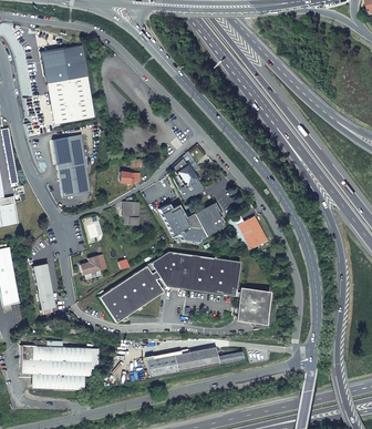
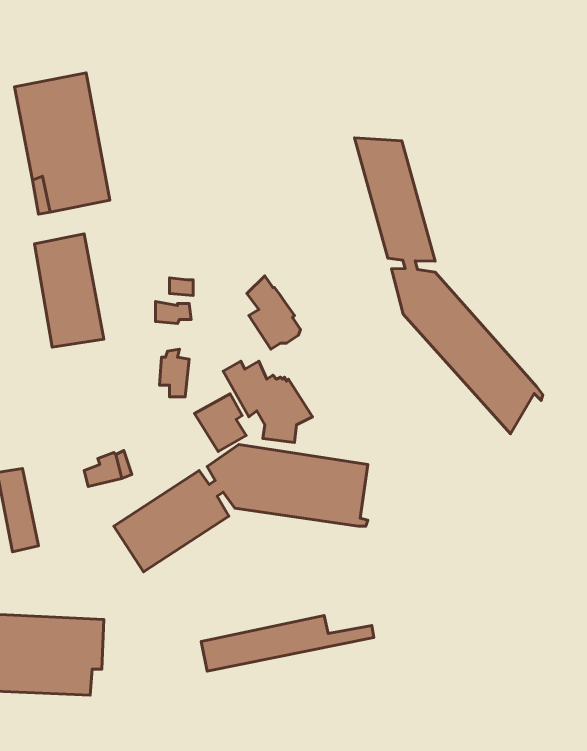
building: none -> [354,138,543,434]
building: [195,203,224,235] -> [194,394,246,451]
building: [229,215,267,252] -> none
building: [235,287,267,324] -> none

